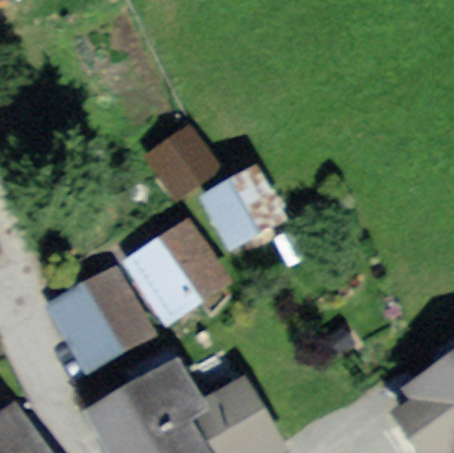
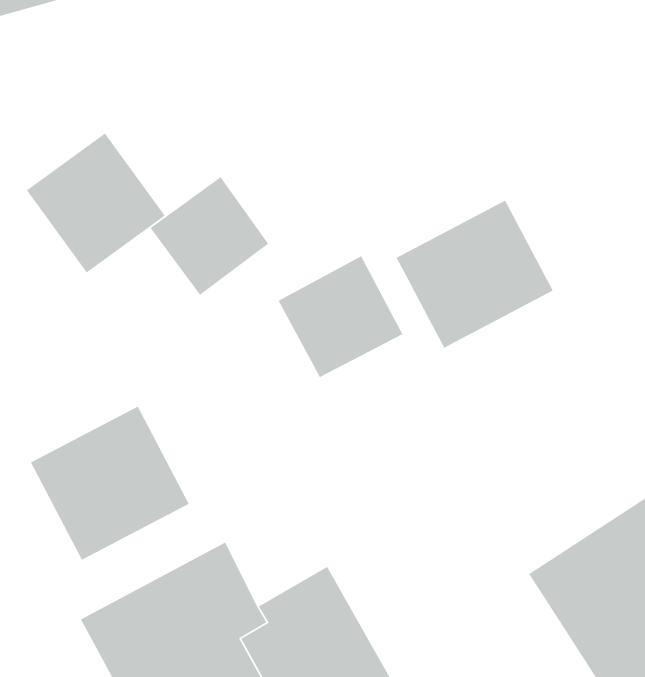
building: none -> [26,132,166,274]
building: none -> [396,200,554,349]
building: [133,216,241,322] -> none

